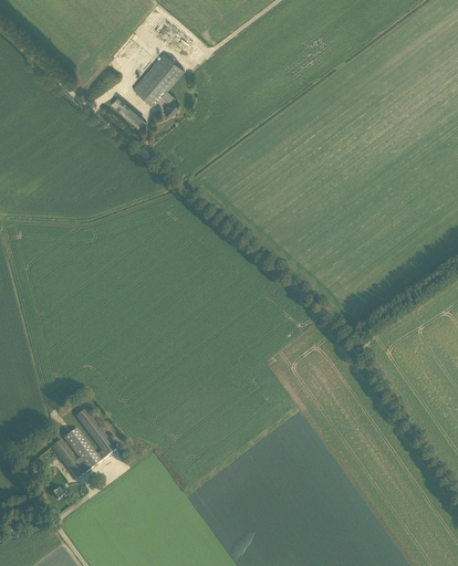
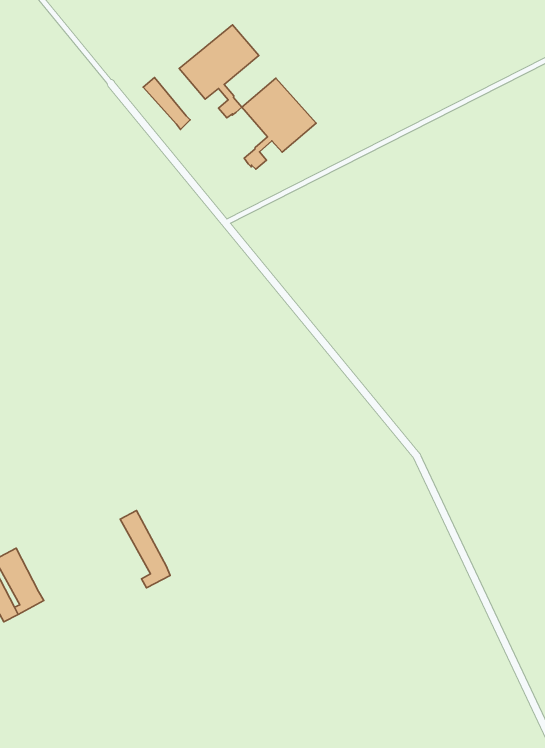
building: none -> [242,78,316,169]
building: [75,409,115,460] -> [120,510,170,588]

